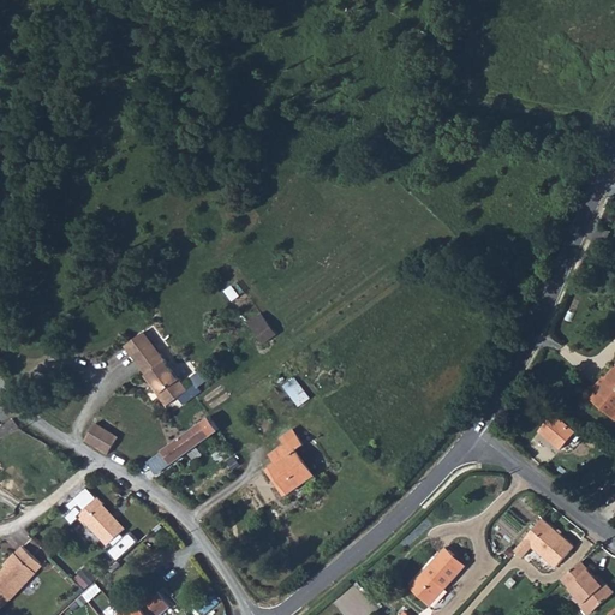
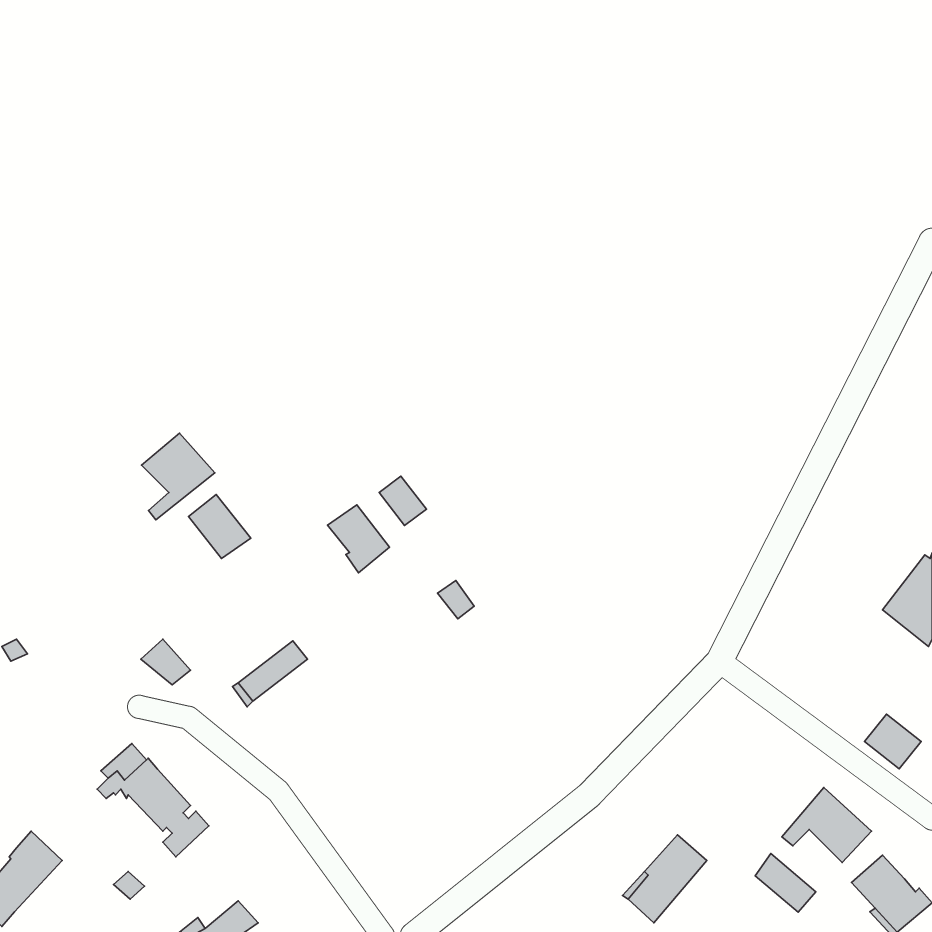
building: none -> [142,433,215,520]
building: [145,356,186,400] -> [327,505,390,573]
building: [536,420,573,456] -> [864,714,921,769]
building: [267,429,308,490] -> none
building: none -> [755,854,816,912]

